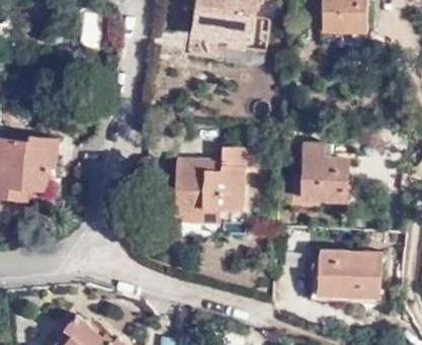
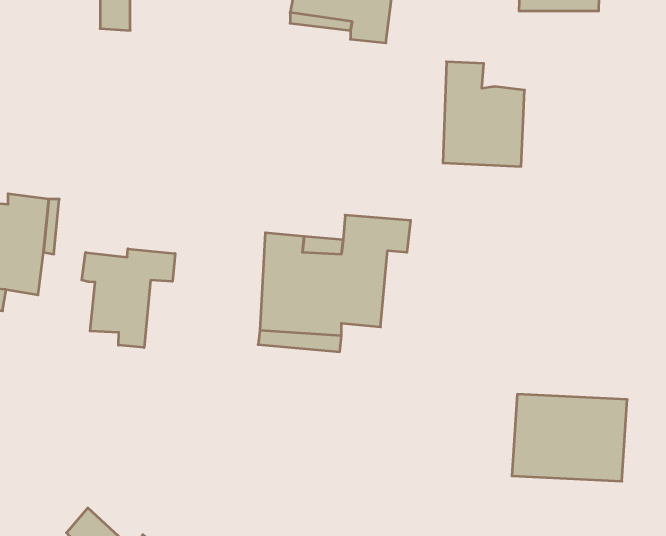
building: [302,142,348,201] -> [443,62,525,166]
building: none -> [82,249,175,348]

